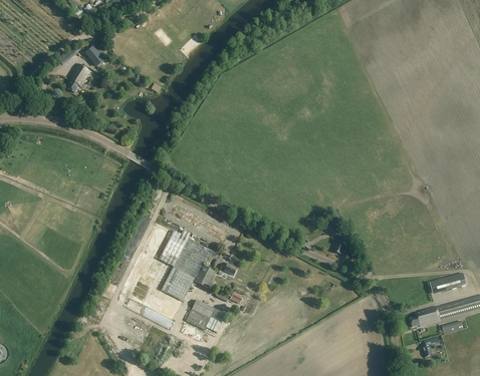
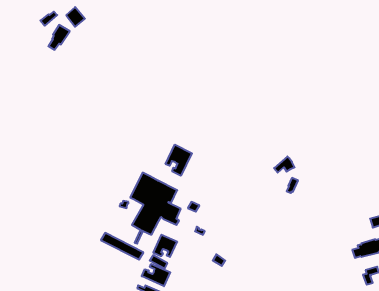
building: none -> [166,145,192,176]
building: none -> [142,264,170,286]

